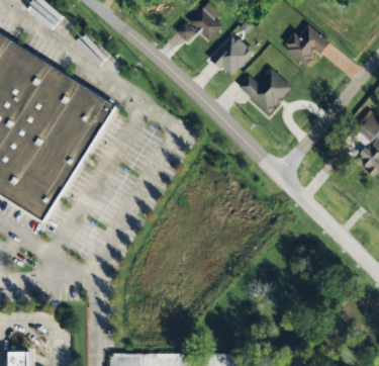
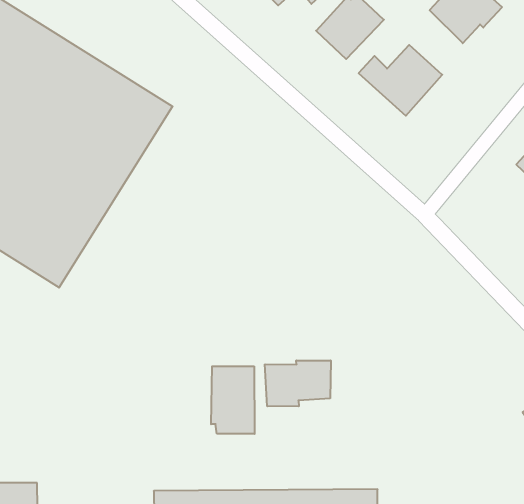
building: none -> [265,360,331,406]
building: none -> [211,366,255,434]

